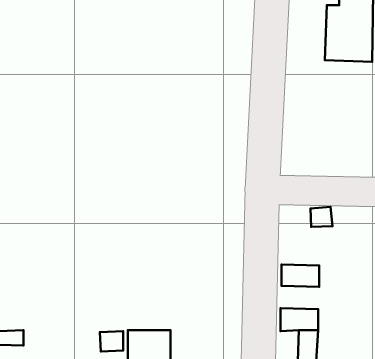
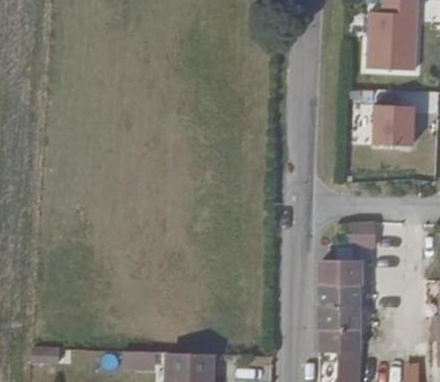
building: none -> [373,105,414,146]
building: none -> [322,260,361,283]
building: none -> [321,304,361,328]

